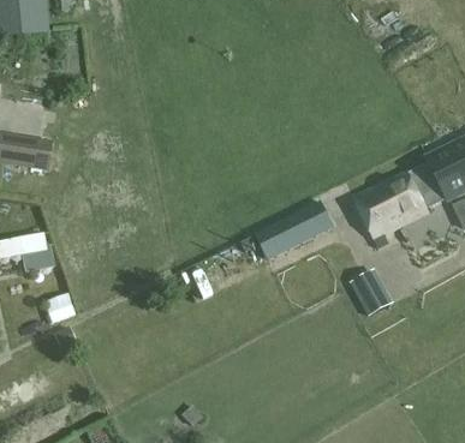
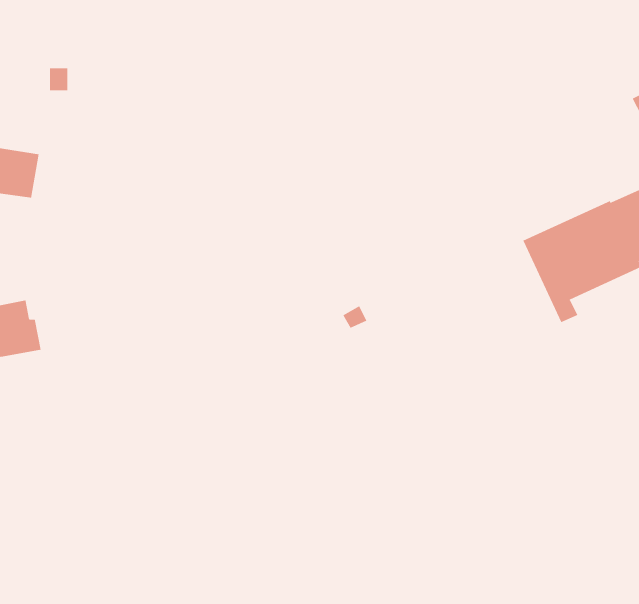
building: [256,200,334,258] -> none
building: [352,269,393,315] -> none

